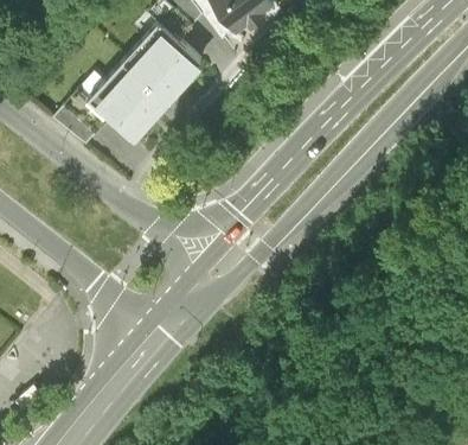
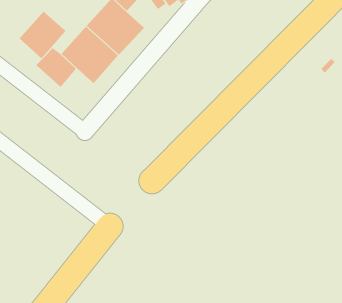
building: none -> [19,11,66,59]

